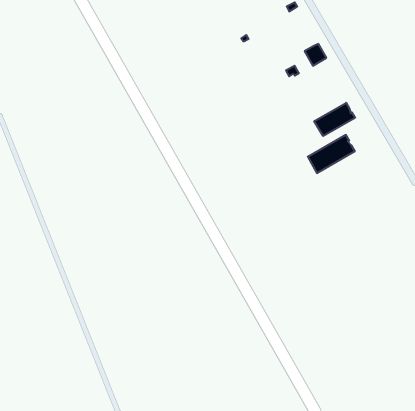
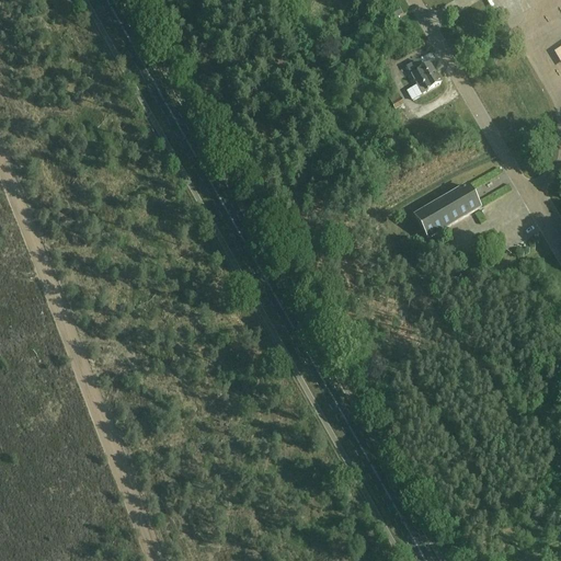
building: [314,103,355,136] -> none

